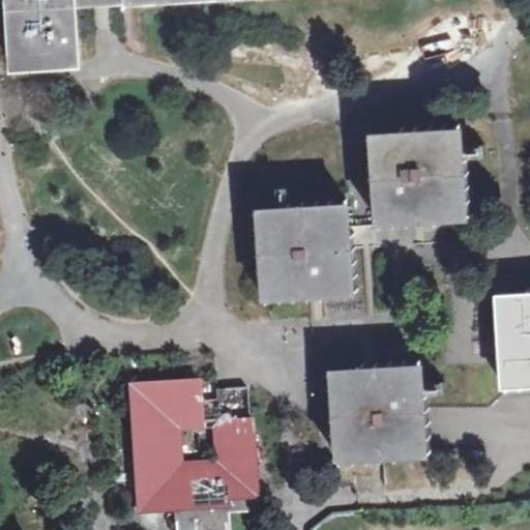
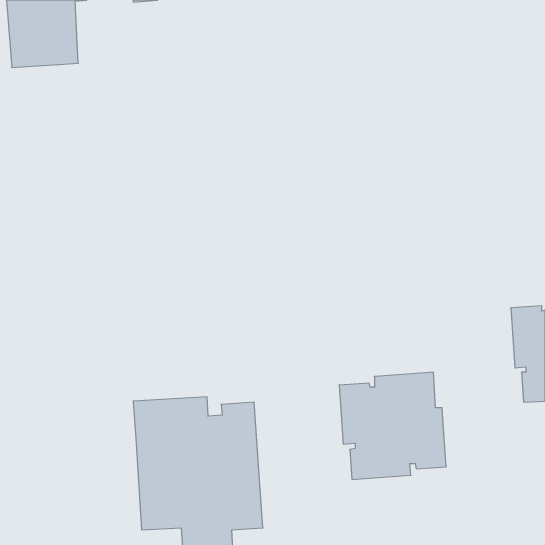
building: [367,126,470,229] -> none
building: [254,202,356,304] -> none

